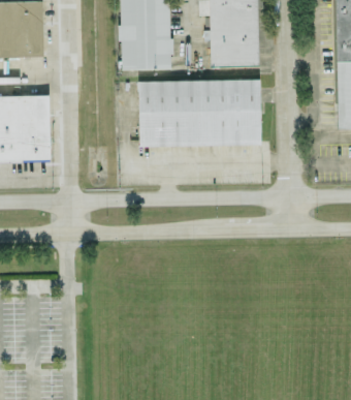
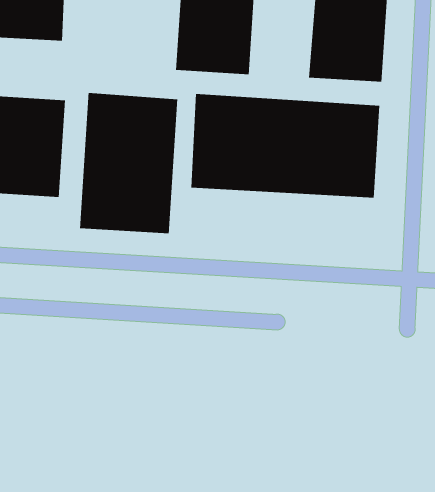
building: none -> [80,92,178,234]

